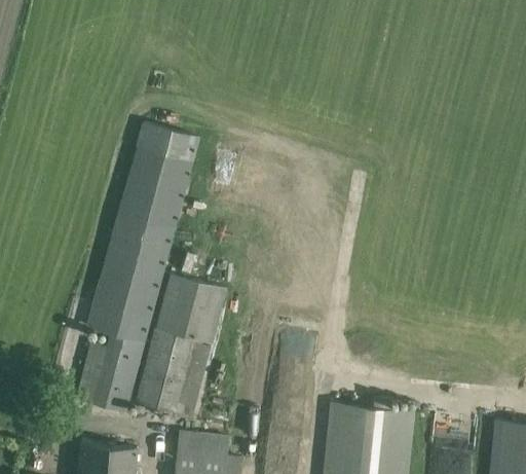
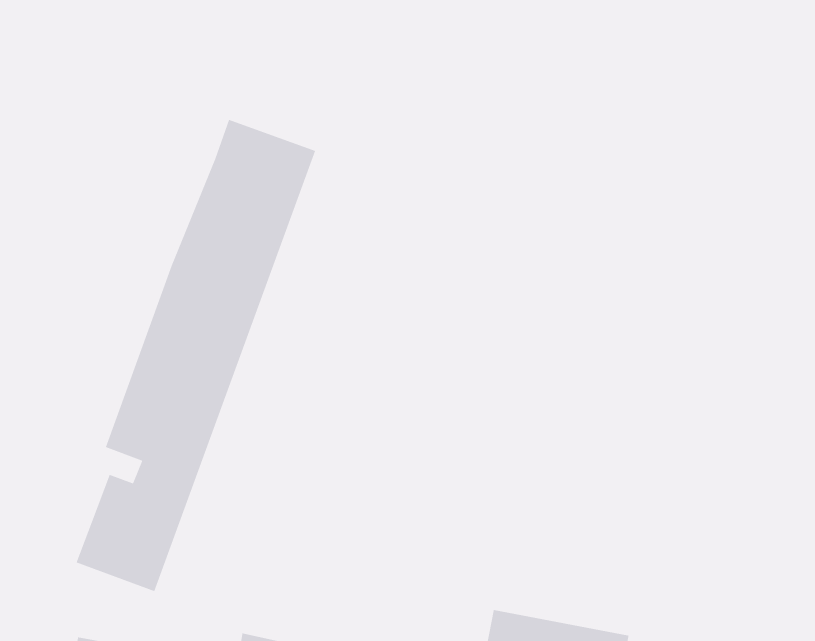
building: [136,275,227,417] -> none

